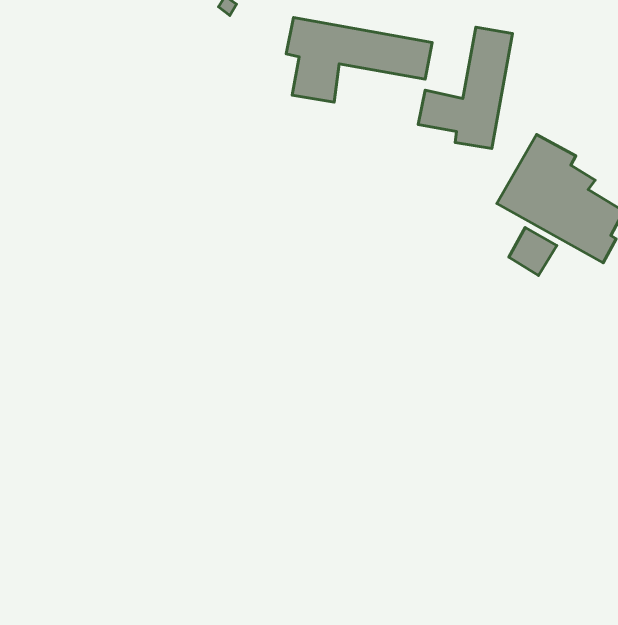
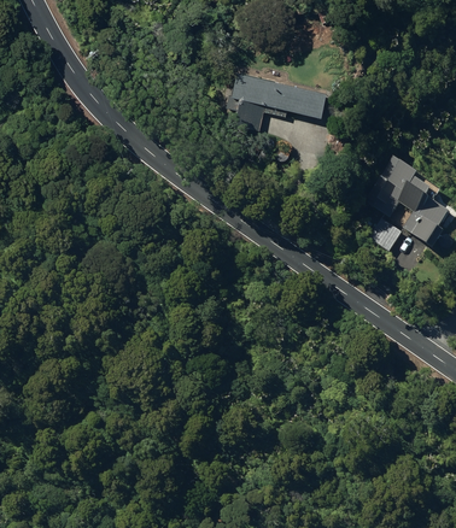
building: [418,27,513,149] -> none

